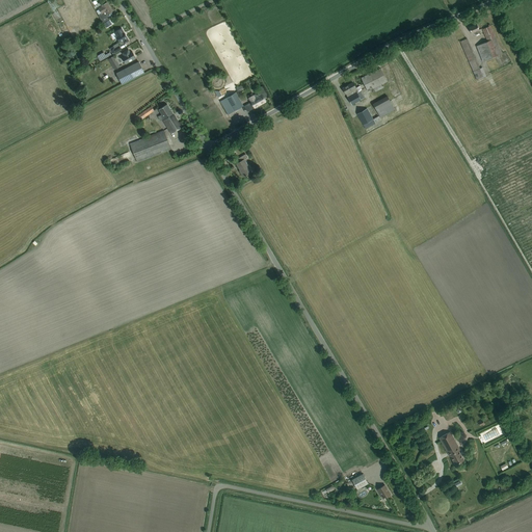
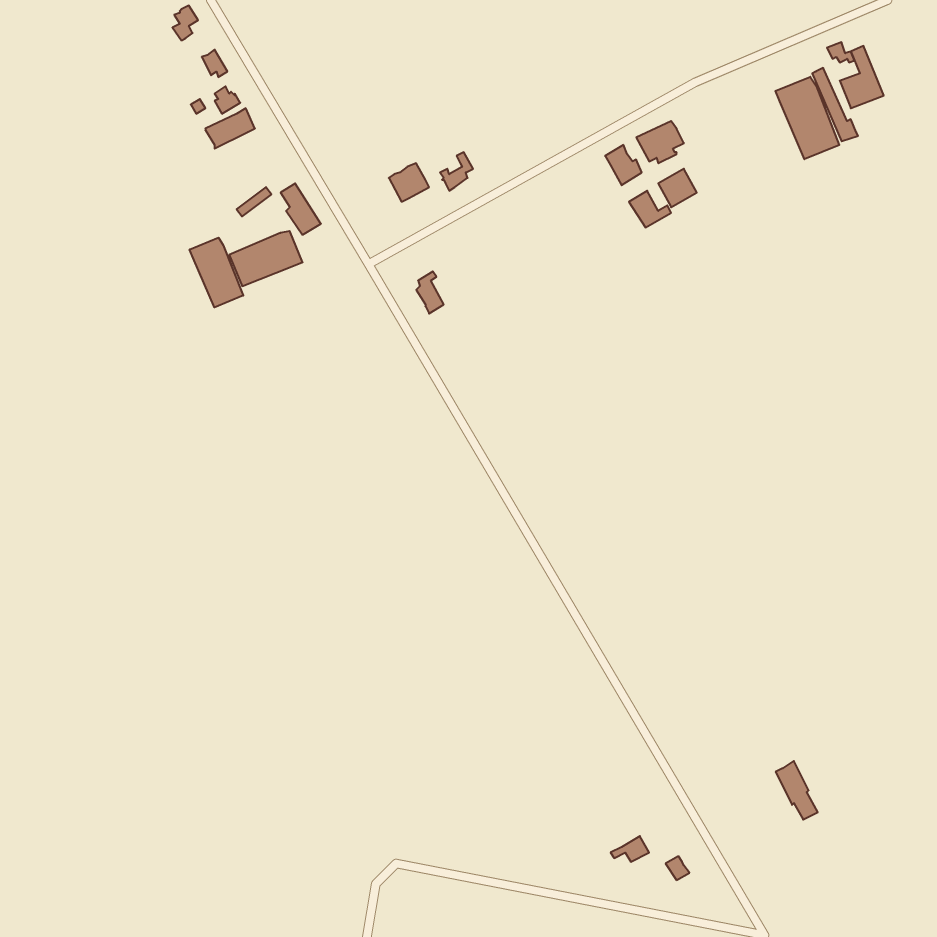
building: none -> [775,77,839,159]
building: none -> [190,238,243,307]

